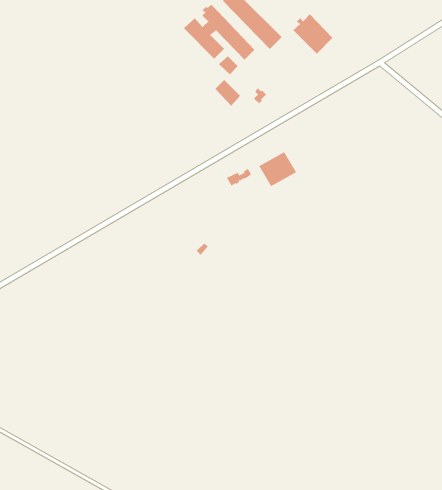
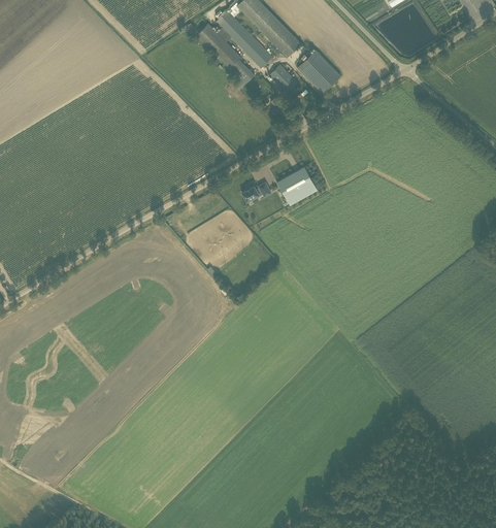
building: [292,14,333,55] -> [297,50,340,93]
building: [214,79,241,107] -> [269,64,297,93]

